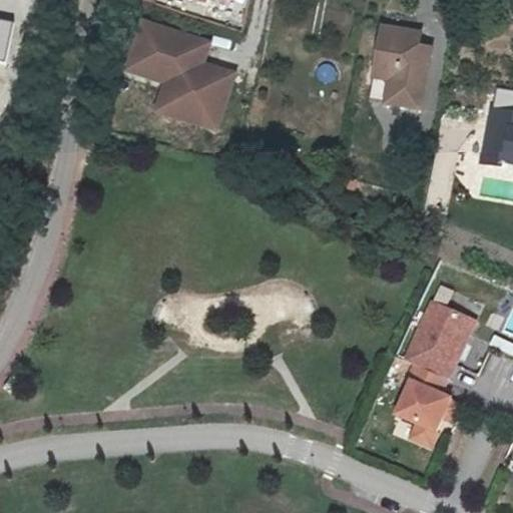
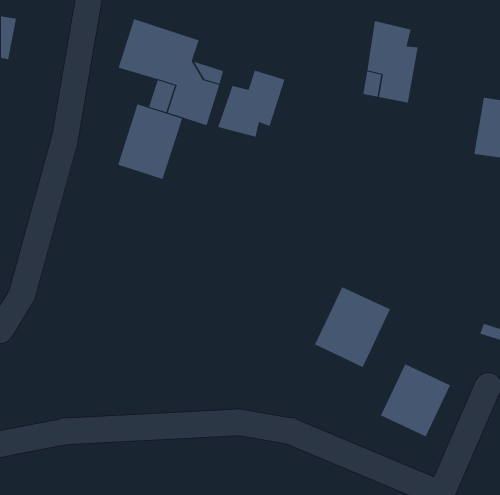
building: none -> [218,70,285,137]
building: none -> [117,103,183,180]
building: [405,295,483,378] -> [314,286,391,368]

